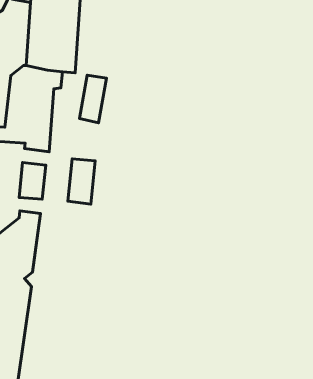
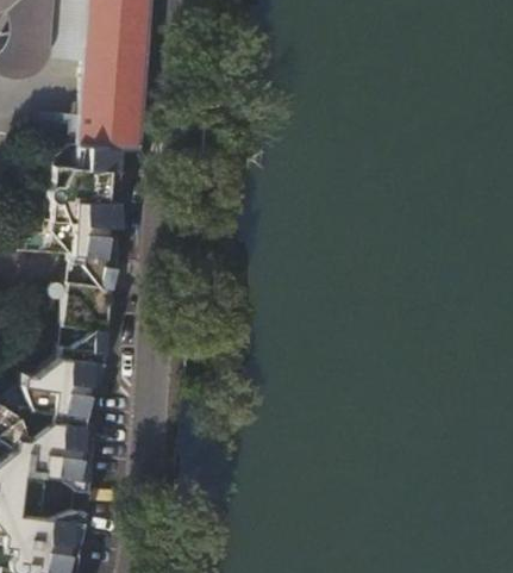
building: [79,75,106,123] -> none
building: [68,159,95,204] -> none

